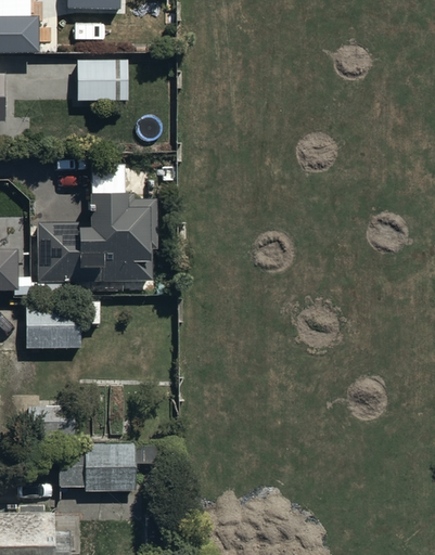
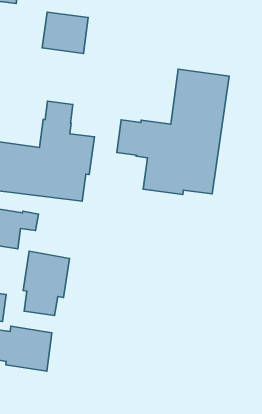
building: none -> [117,69,229,195]
building: none -> [23,251,70,316]

